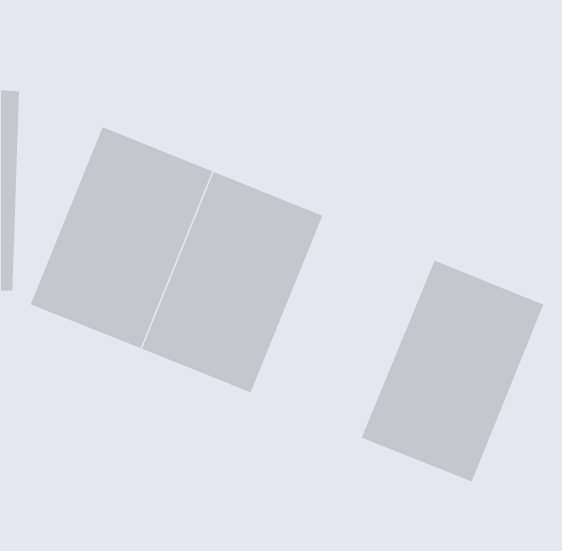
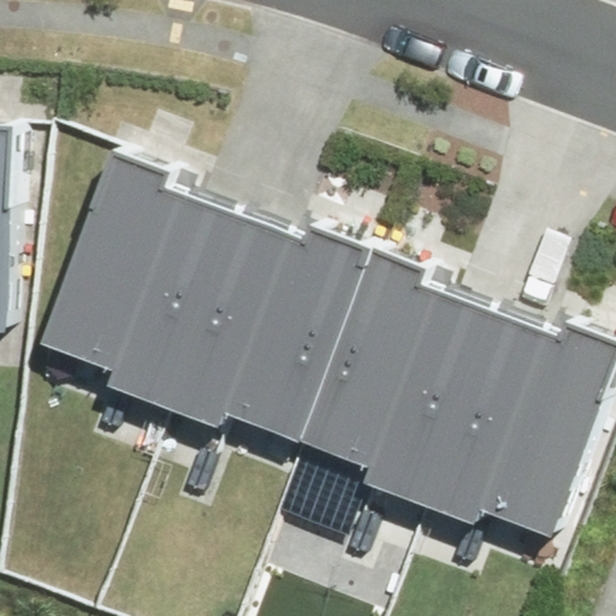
building: none -> [278,251,476,492]

